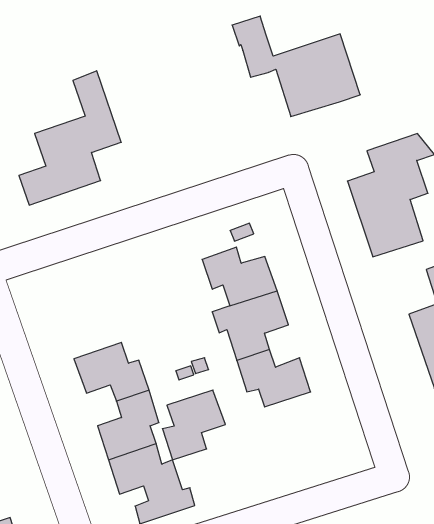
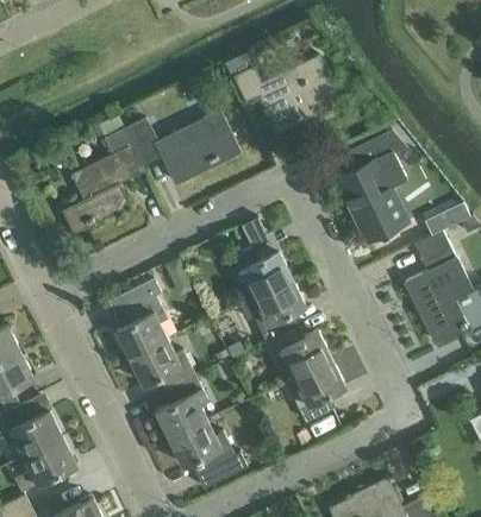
building: none -> [115,106,239,184]
building: none -> [107,279,167,359]
building: [162,390,225,460] -> [293,360,345,423]

